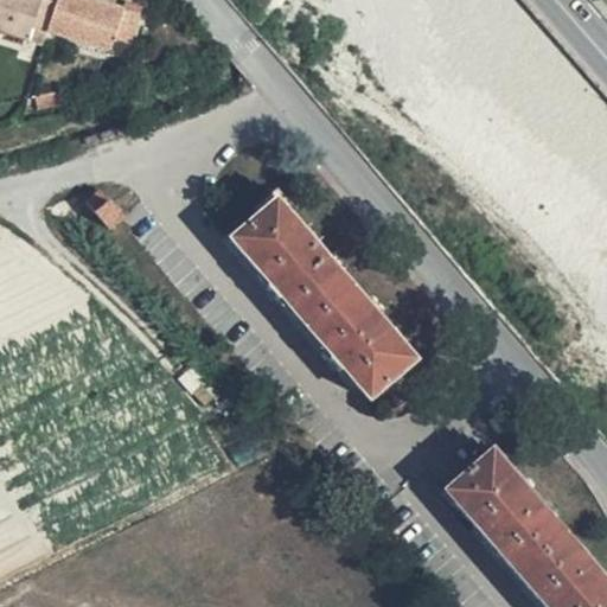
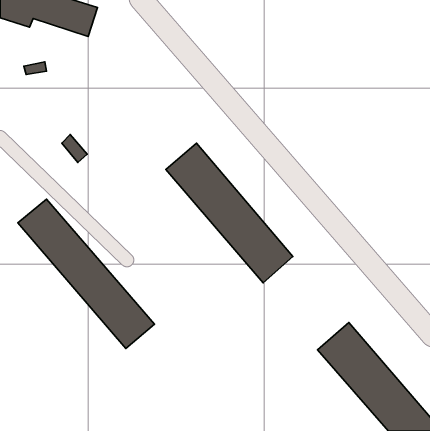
building: none -> [18,199,155,349]

